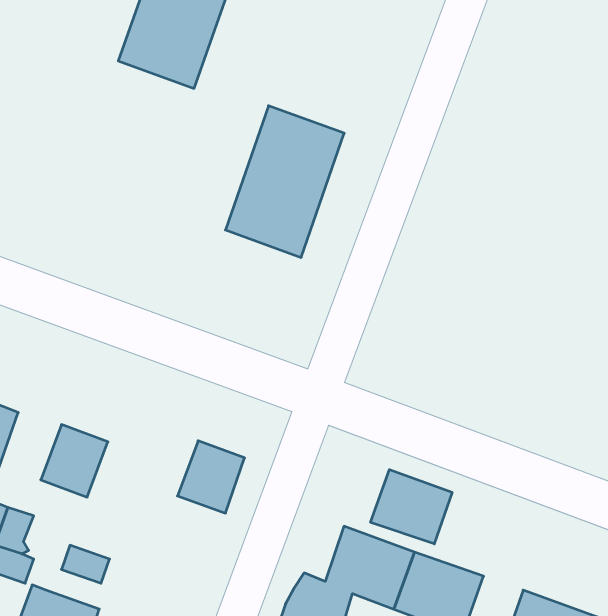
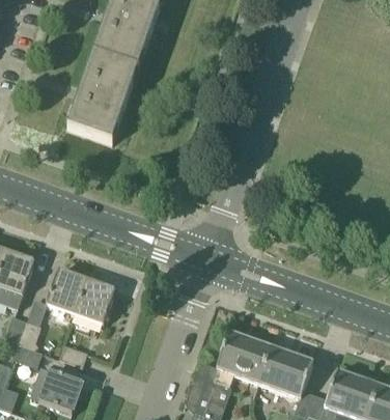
building: [225,106,344,257] -> [67,51,139,142]
building: [177,441,245,513] -> [75,280,115,324]
building: [371,470,452,544] -> none

